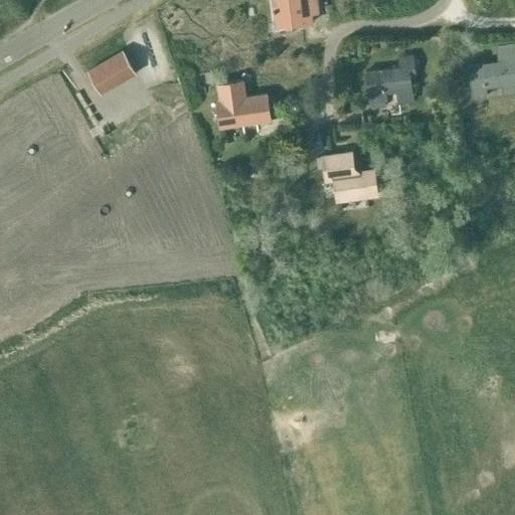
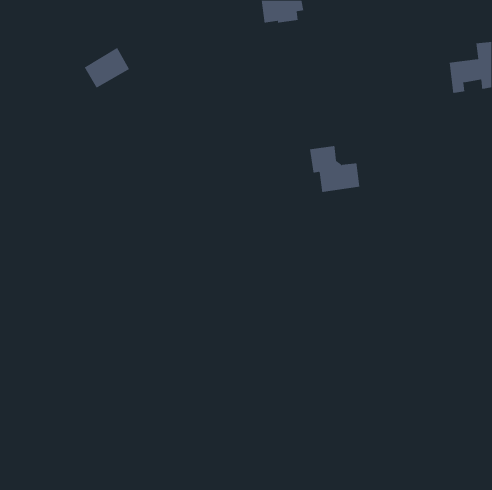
building: [365,56,415,110] -> none
building: [216,81,270,127] -> none

